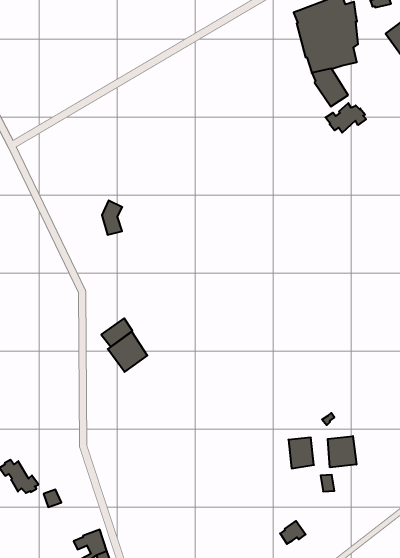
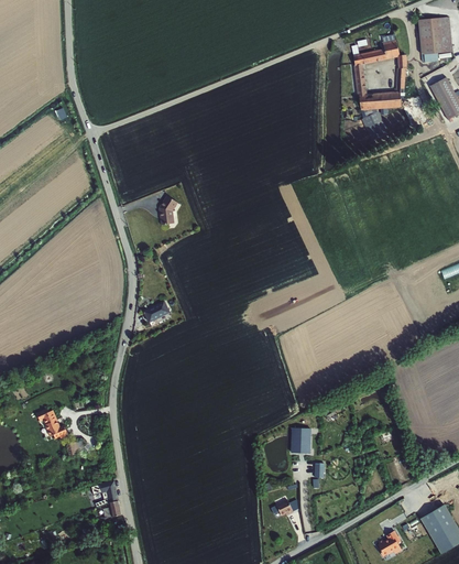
building: [325,103,366,133] -> none
building: [108,332,147,372] -> none
building: [328,436,356,467] -> none

